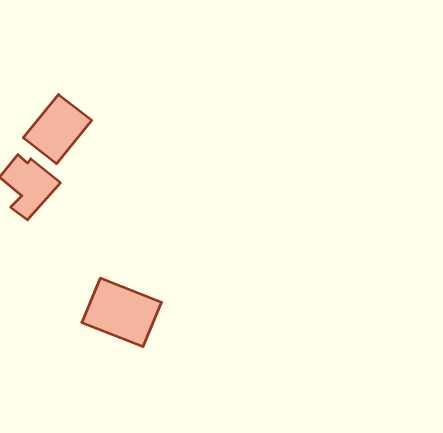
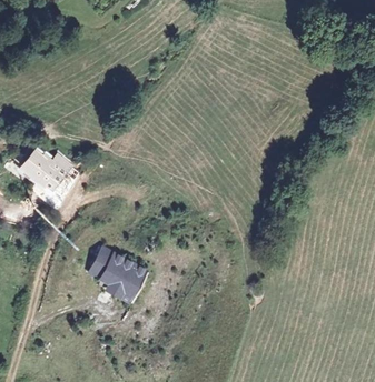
building: [23,94,92,164] -> none

